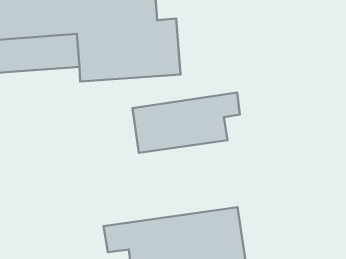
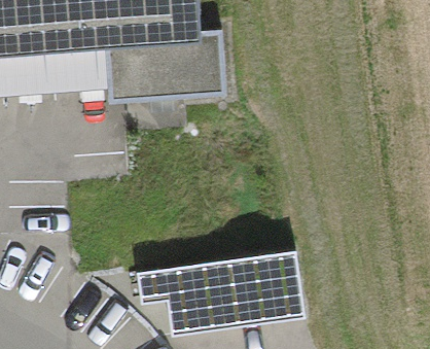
building: [132,93,240,153] -> none

